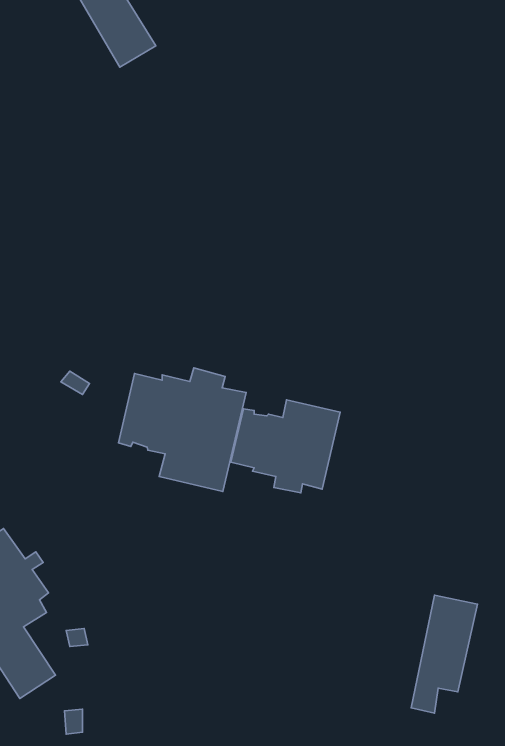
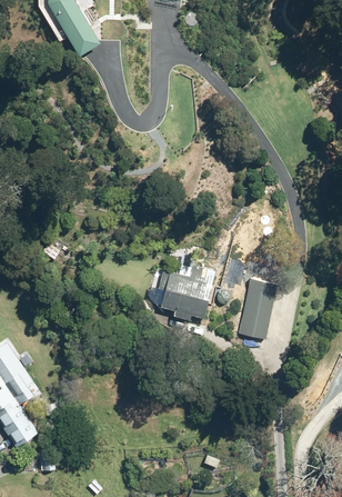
building: [118,368,246,491] -> none
building: [411,595,477,713] -> [235,278,276,351]

